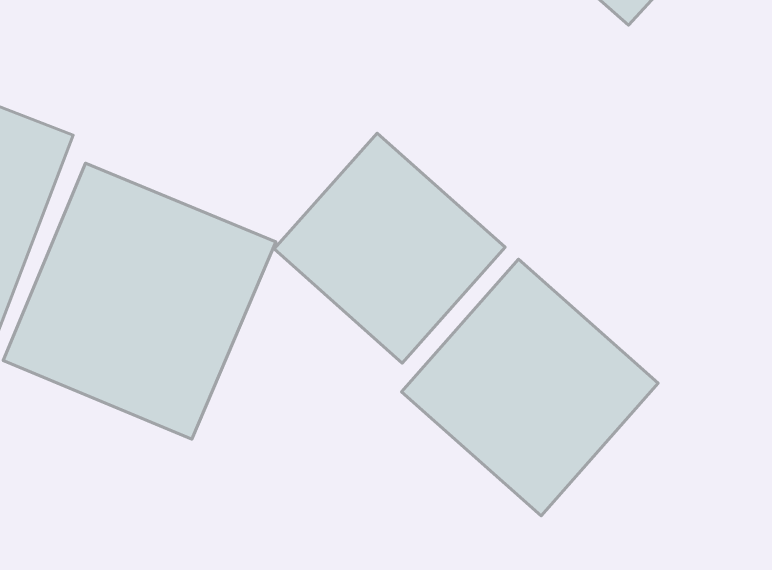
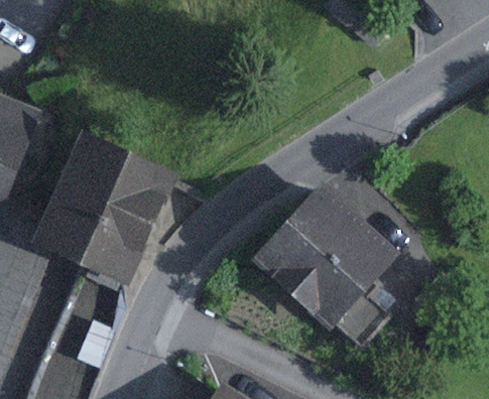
building: [274,133,505,363] -> none

